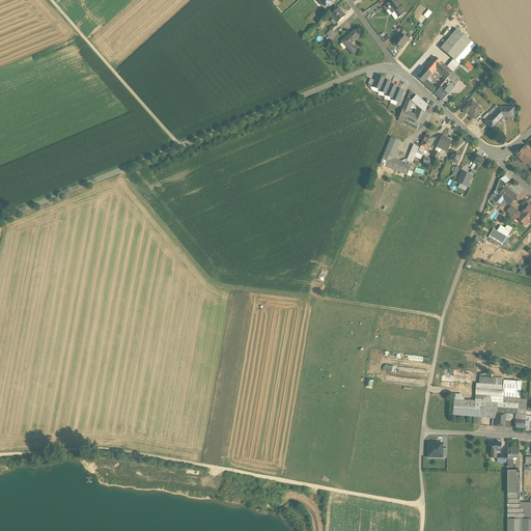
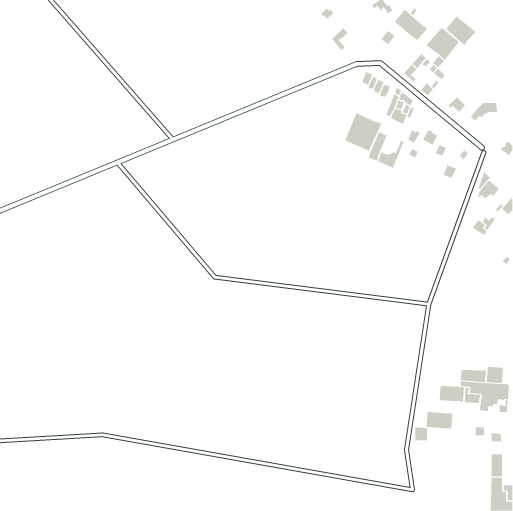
building: none -> [394,9,428,41]
building: none -> [445,16,477,46]
building: none -> [345,112,382,152]
building: none -> [426,411,453,429]

